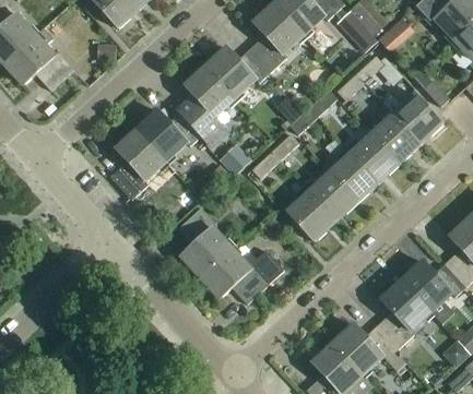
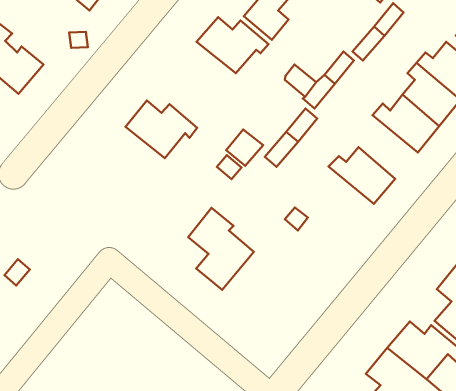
building: [177,65,235,145] -> none
building: [109,129,168,199] -> none
building: [330,146,379,202] -> none
building: [286,184,336,241] -> none
building: [200,248,283,303] -> none

